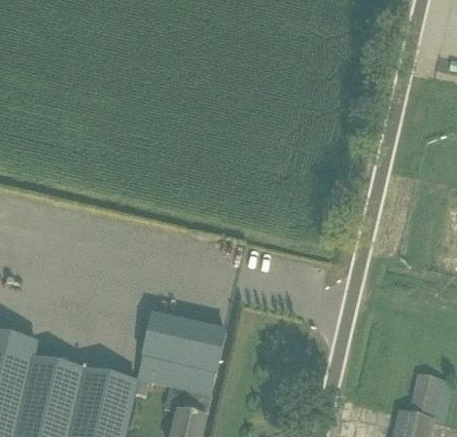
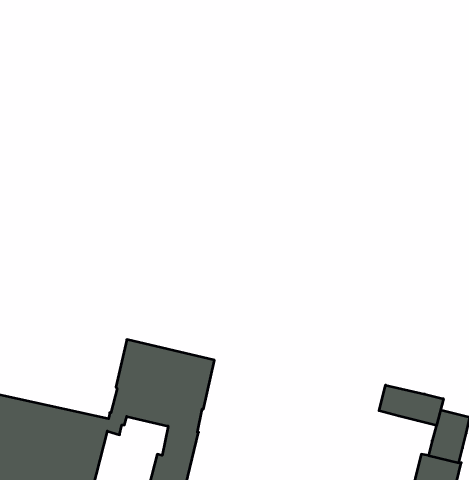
building: none -> [379,385,443,425]

